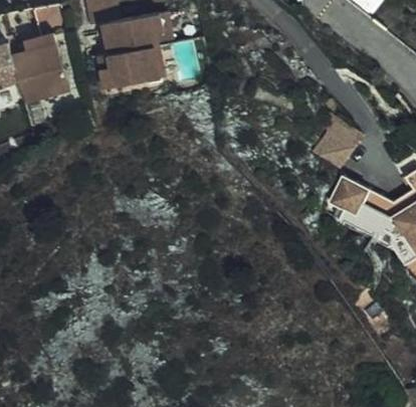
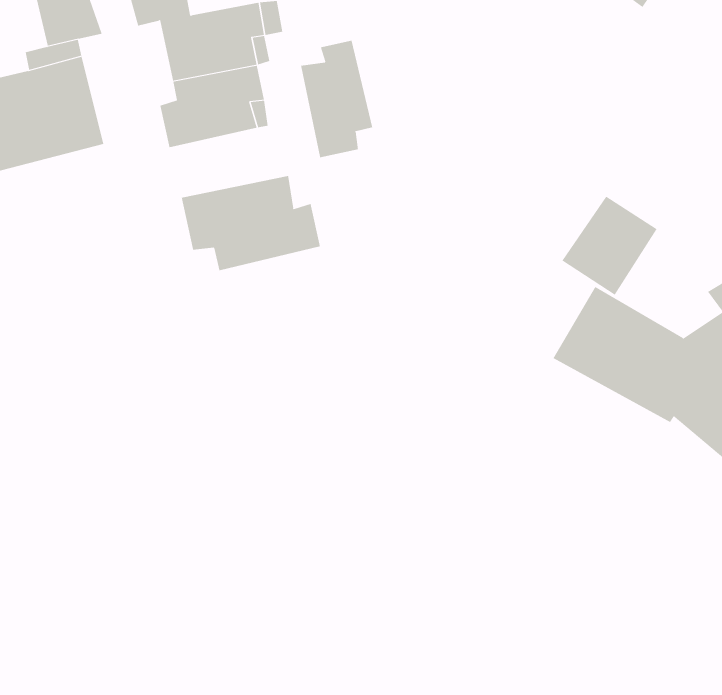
building: none -> [301,40,373,158]
building: none -> [181,175,321,271]

